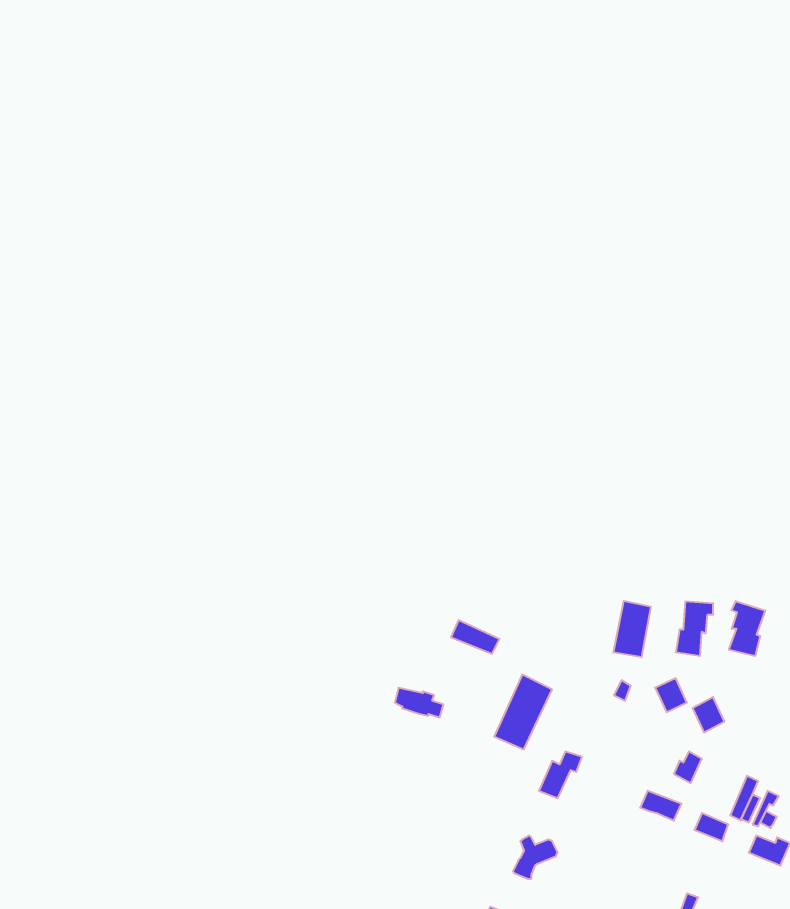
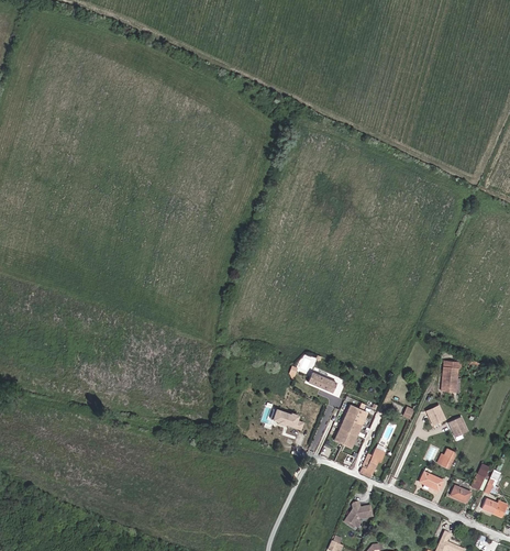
building: [613,601,651,657] -> none
building: [729,601,765,656] -> none

